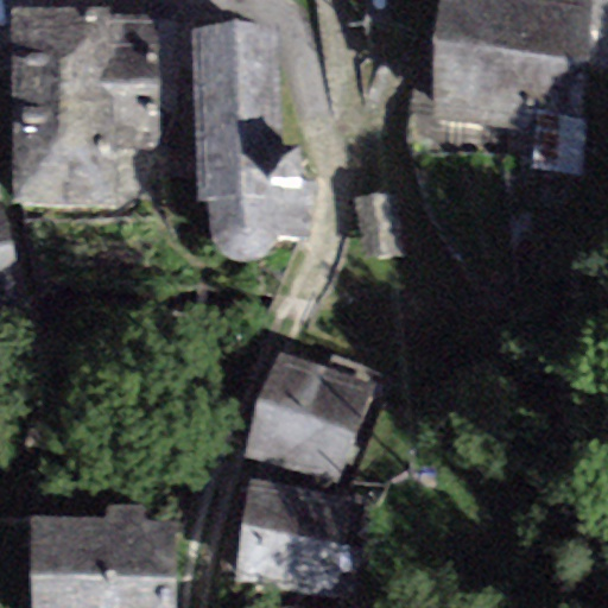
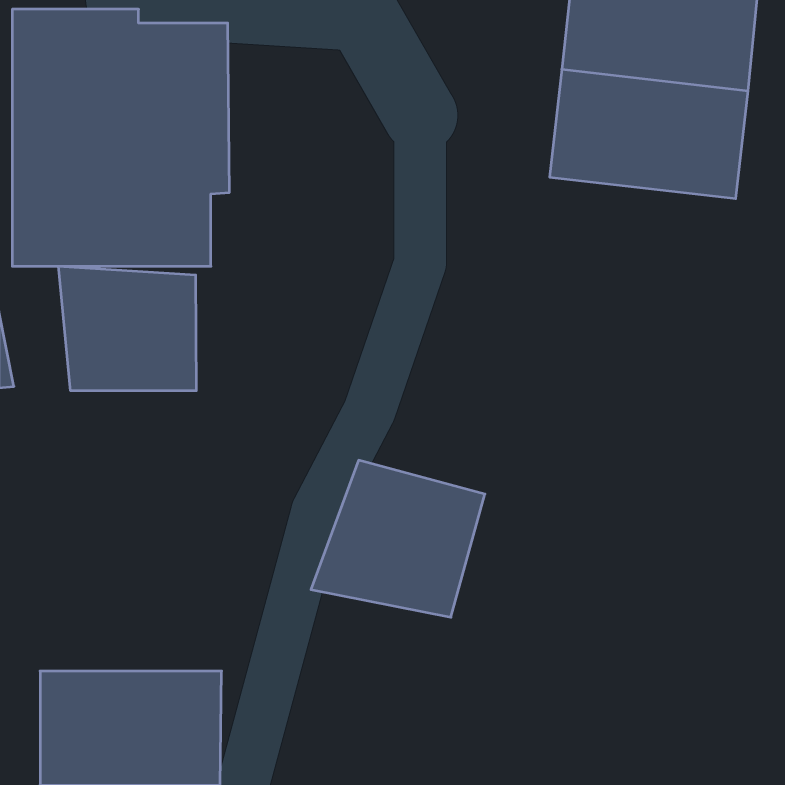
building: [192,25,309,261] -> none
building: none -> [59,266,196,391]
building: [235,477,355,594] -> none

